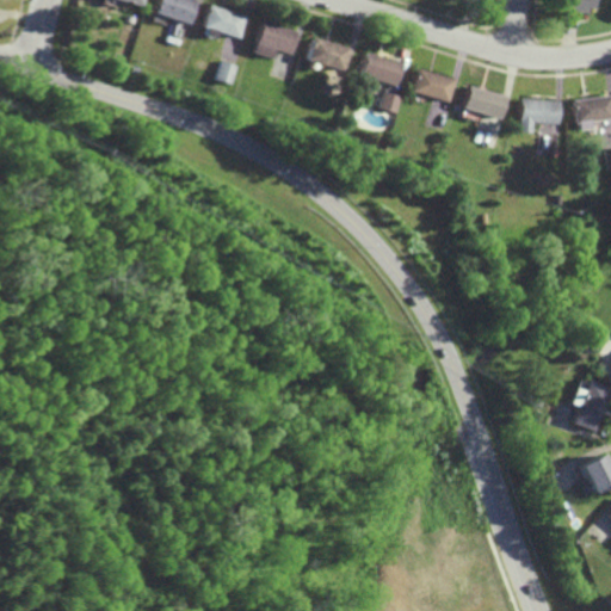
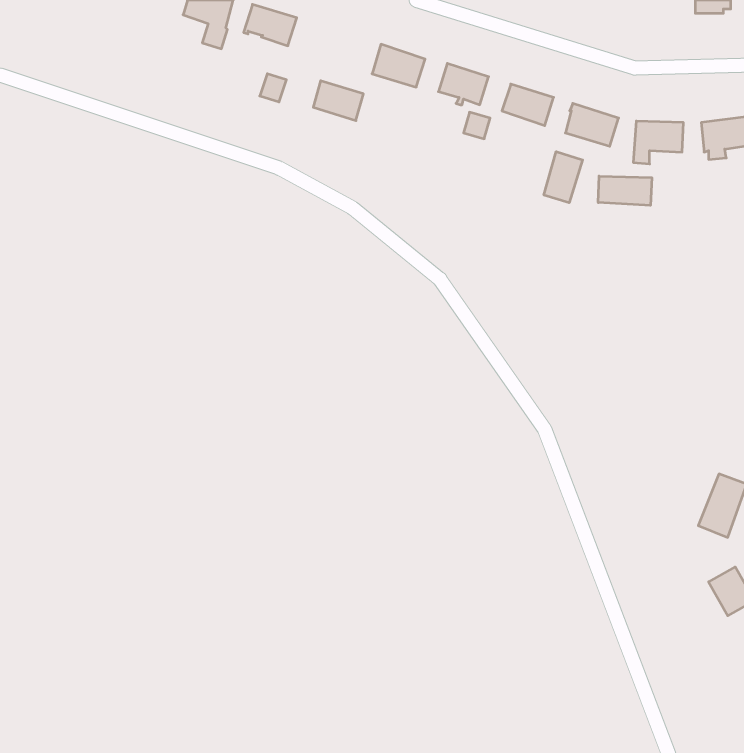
building: [259,21,300,54] -> [313,81,363,121]
building: none -> [544,152,583,203]
building: none -> [598,176,652,205]

